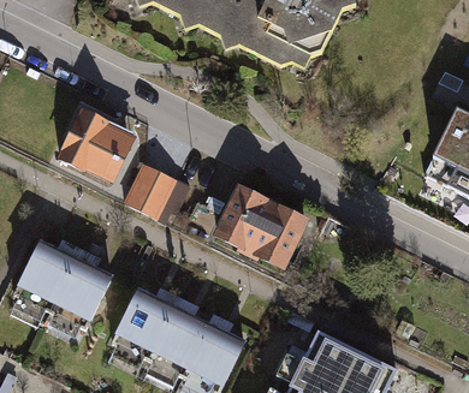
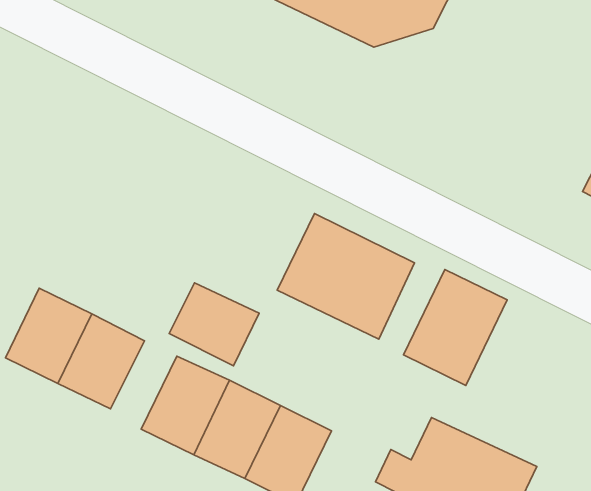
building: [55,109,133,185] -> none
building: [125,161,189,220] -> [169,283,259,366]
building: none -> [404,269,507,385]

